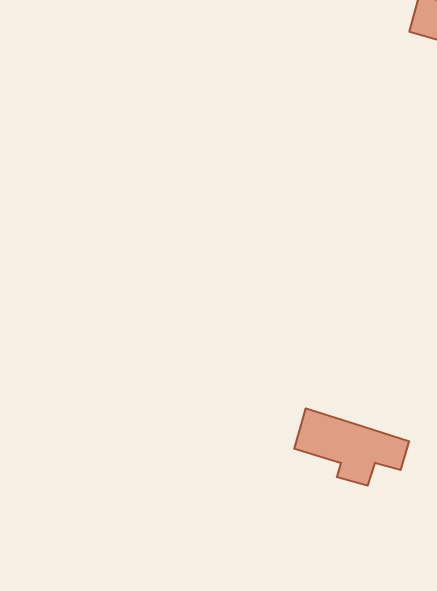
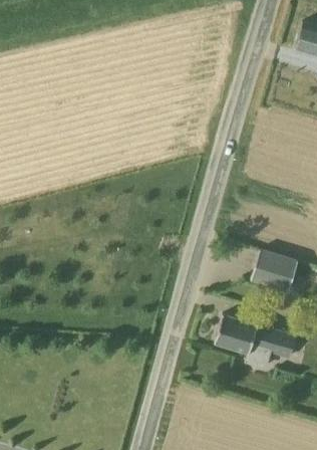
building: none -> [252,251,299,292]

